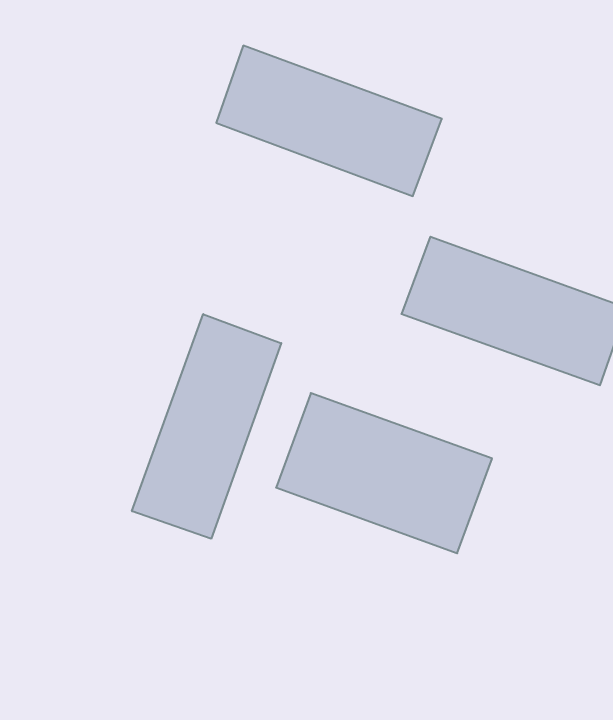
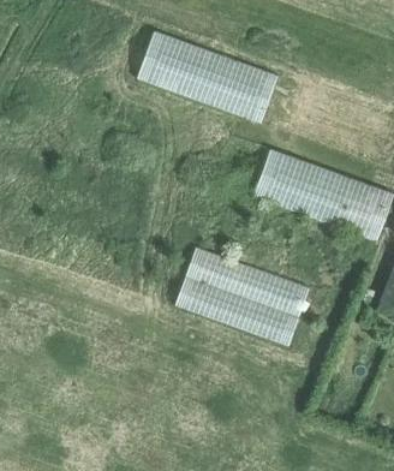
building: [132,314,281,539] -> none

